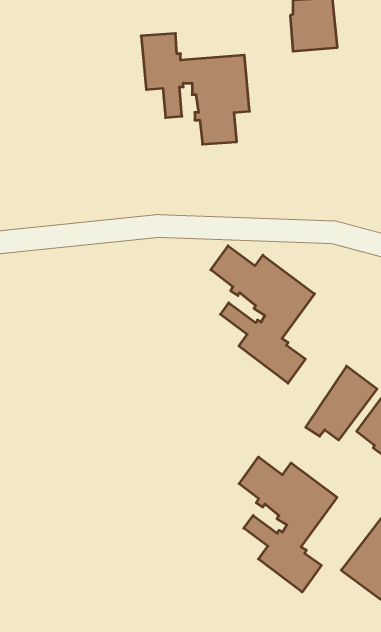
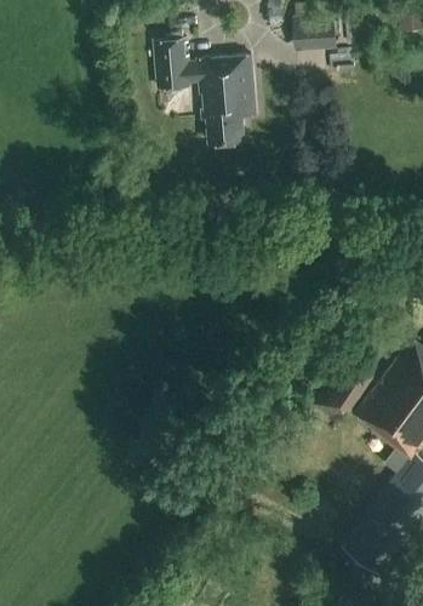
building: [211,246,315,383] -> none
building: [239,457,337,592] -> none

